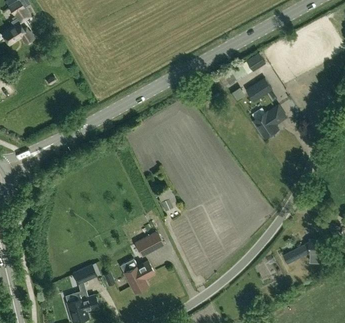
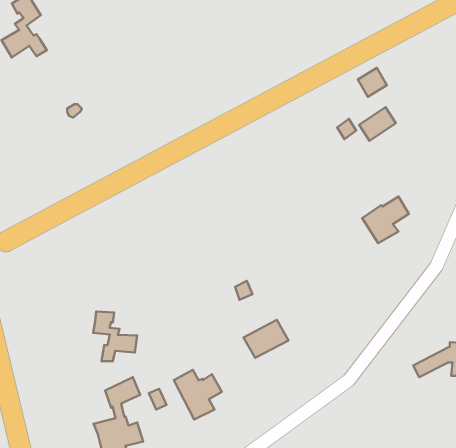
building: [254,106,286,138] -> [362,196,409,243]
building: none -> [93,311,137,361]
building: [134,231,165,257] -> [243,320,289,358]

